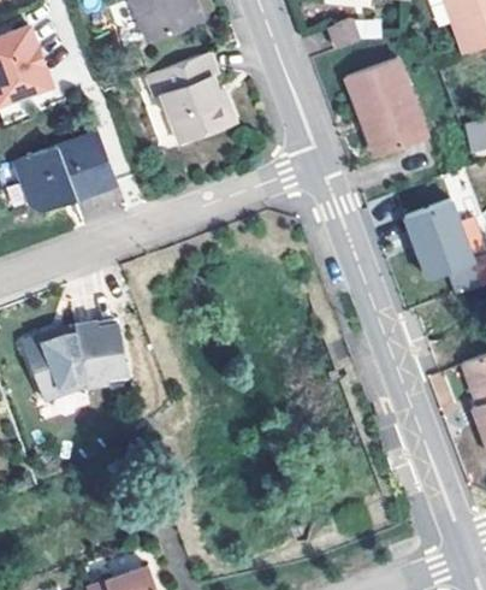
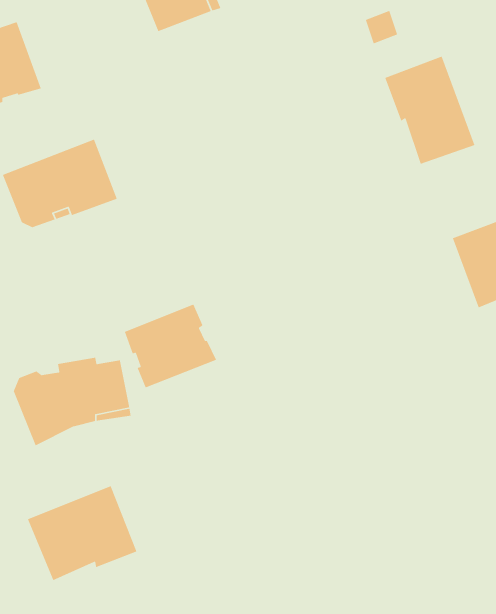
building: [147,51,232,141] -> none
building: none -> [124,303,217,388]
building: none -> [27,485,137,581]

